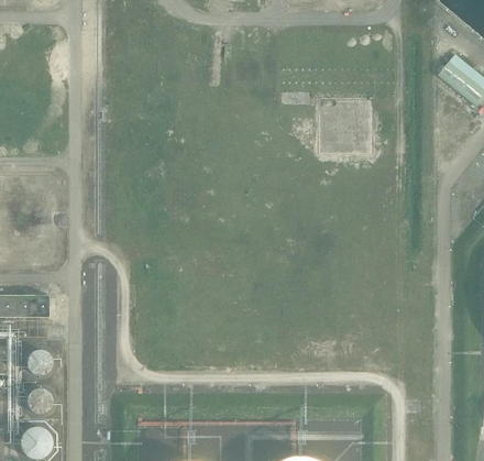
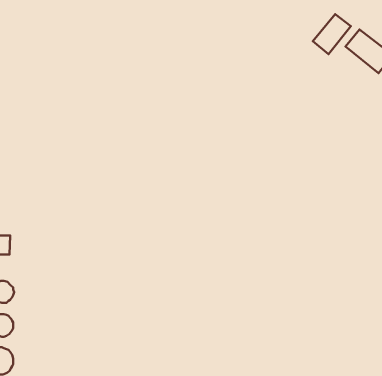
building: none -> [313,14,351,54]

